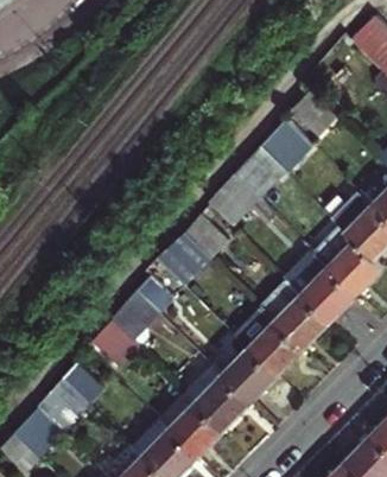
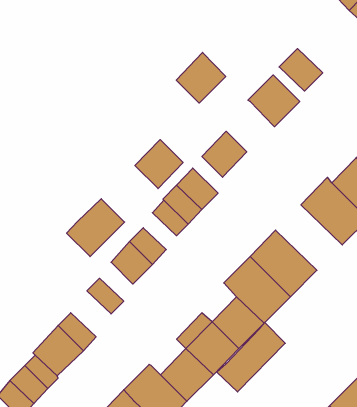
building: [235,146,286,198] -> [176,52,226,103]
building: none -> [135,140,183,189]
building: none -> [67,199,125,257]
building: [288,253,357,320] -> none
building: none -> [217,322,285,392]

